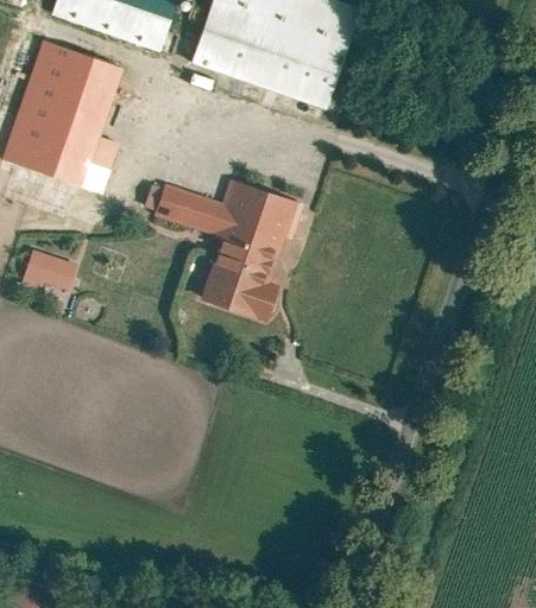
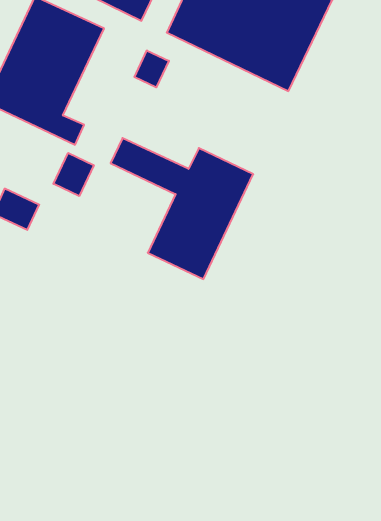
building: none -> [134,50,169,87]
building: none -> [53,153,94,196]

